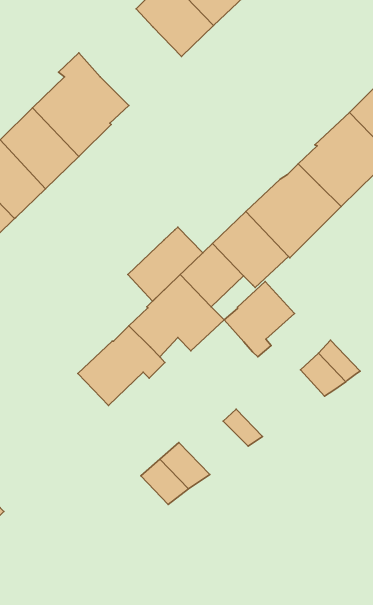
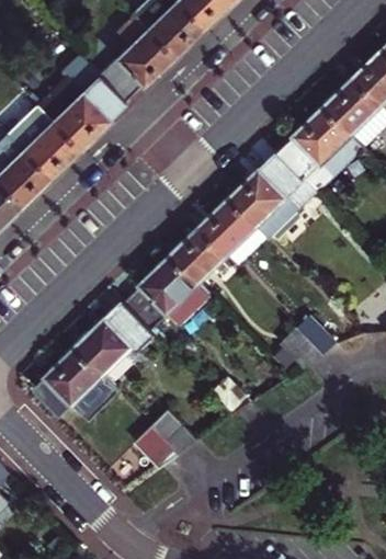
building: none -> [99,25,173,98]
building: [128,227,203,301] -> none
building: [224,281,294,357] -> none
building: none -> [36,344,123,420]

